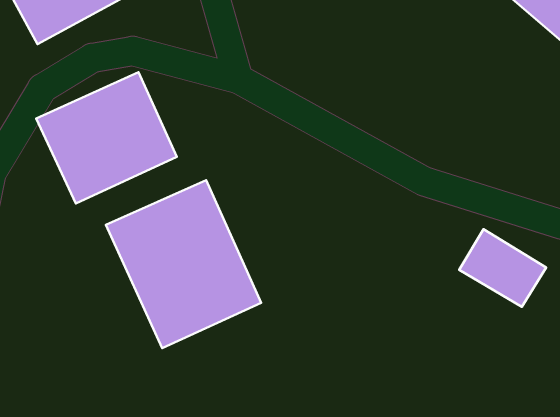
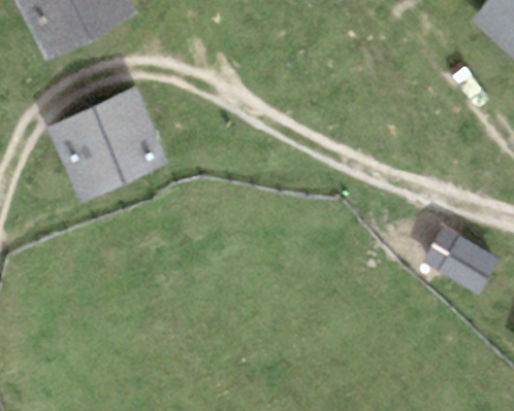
building: [106,180,261,348] -> none

